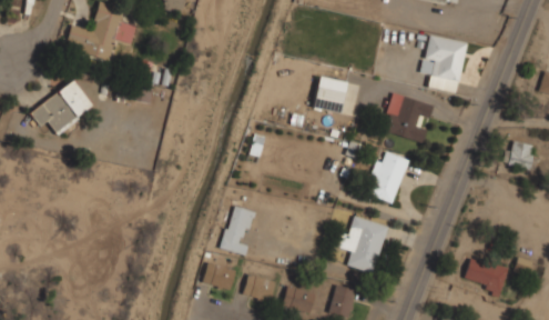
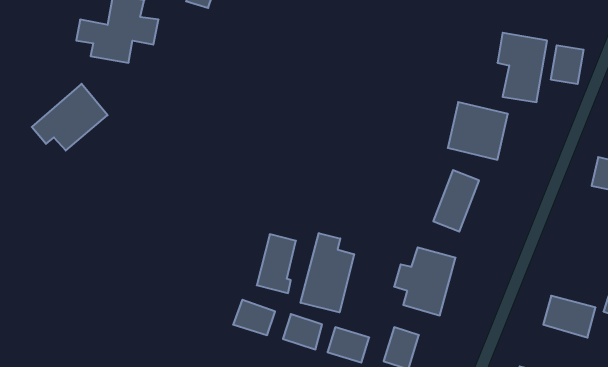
building: none -> [551,45,584,84]
building: [313,76,348,114] -> none
building: none -> [301,233,354,312]

